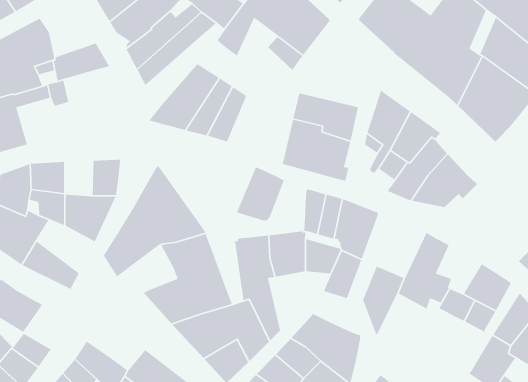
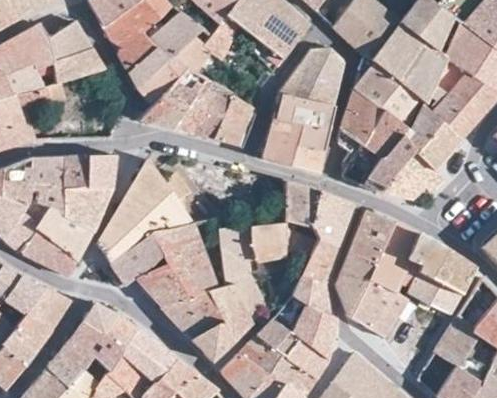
building: none -> [49,21,92,60]
building: none -> [137,38,211,104]
building: none -> [279,47,344,106]
building: none -> [354,57,417,122]
building: none -> [405,105,460,168]
building: none -> [63,155,89,188]
building: [236,166,285,222] -> [213,96,258,147]
building: none -> [37,210,91,259]
building: none -> [350,210,396,263]
building: none -> [108,233,163,288]
building: none -> [406,233,447,278]
building: none -> [292,276,328,313]
building: none -> [351,278,409,337]
building: none -> [25,285,71,329]
building: none -> [83,302,137,348]

